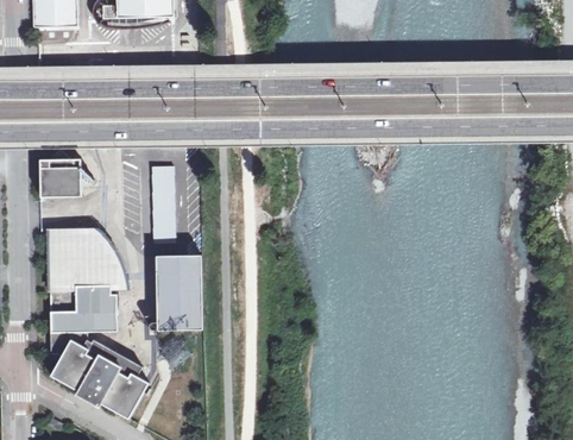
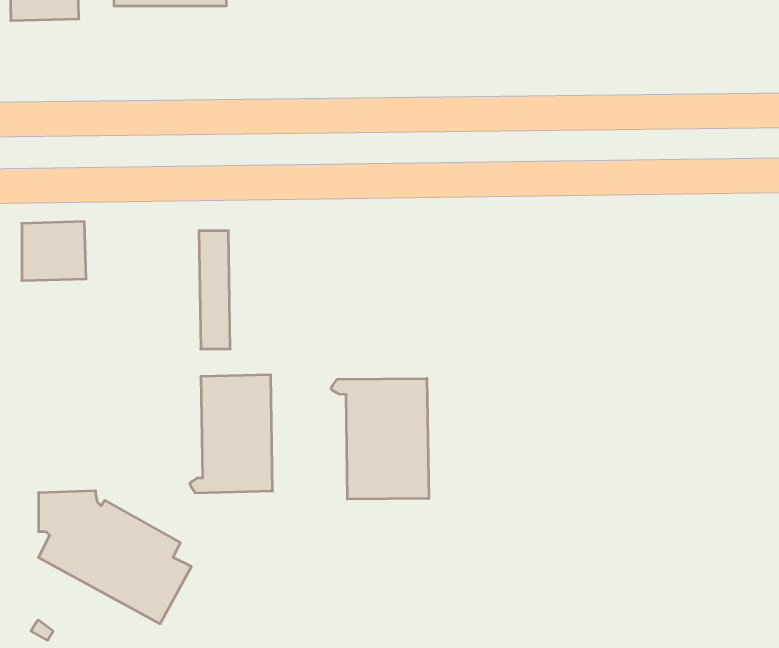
building: [50,224,118,332] -> none
building: none -> [331,378,429,499]

